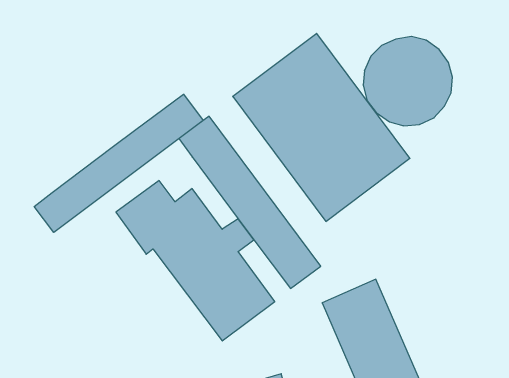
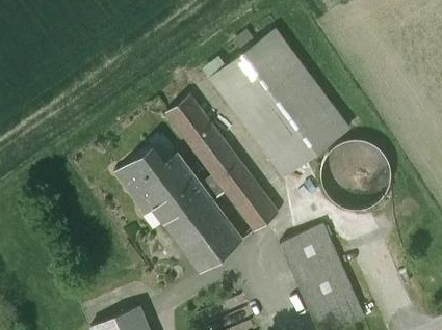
building: [363,36,452,126] -> [320,140,391,211]
building: [34,94,203,232] -> none

